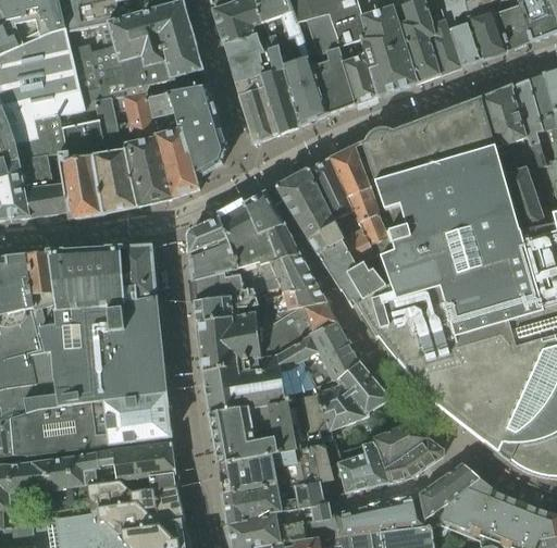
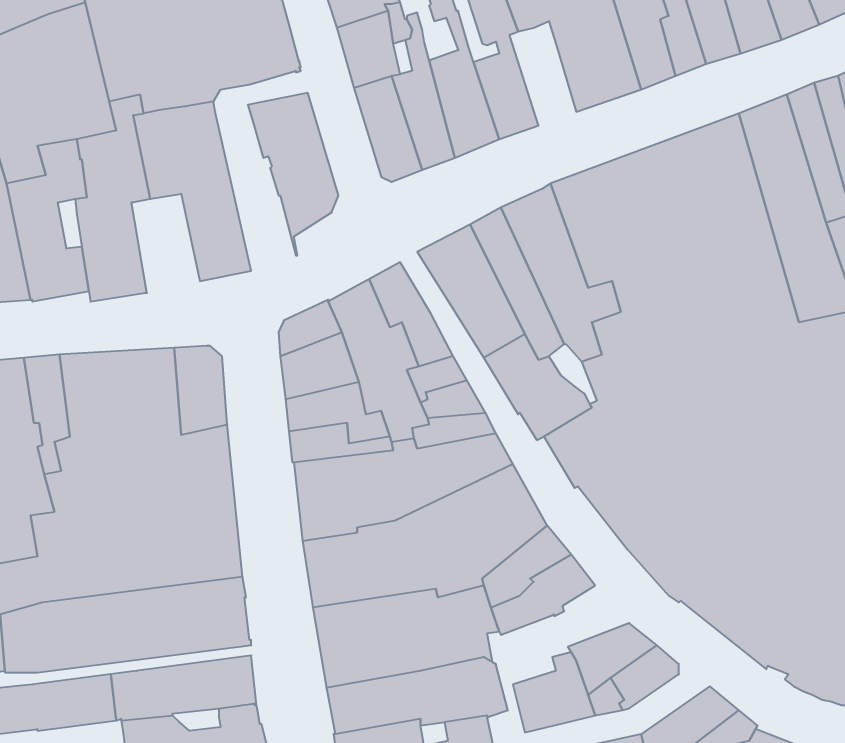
building: [334,43,376,105] -> none
building: [147,92,198,198] -> none
building: [94,149,137,212] -> none

